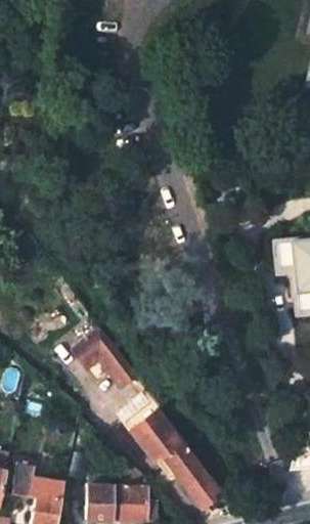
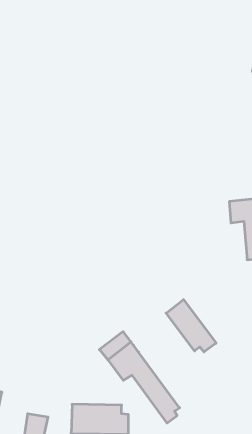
building: [74,330,137,385] -> none
building: none -> [166,300,216,352]
building: [16,465,63,501] -> none

